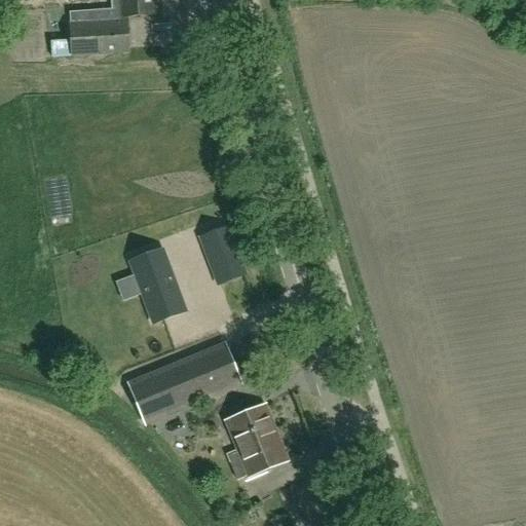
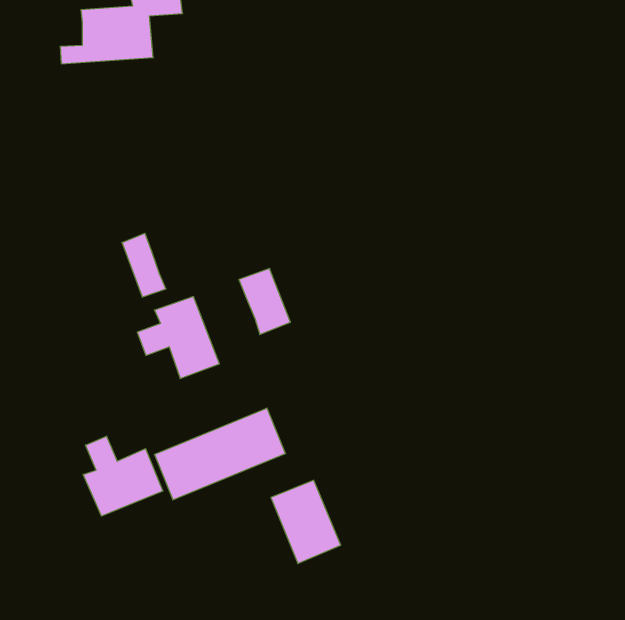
building: none -> [122,233,166,297]
building: none -> [83,436,163,516]

